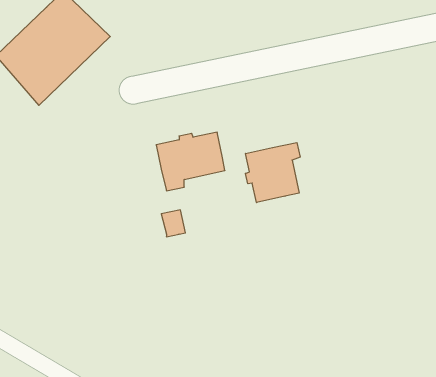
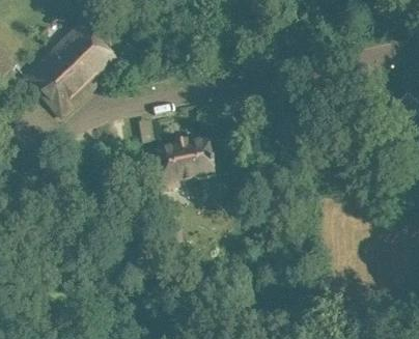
building: [245,143,300,203] -> none

